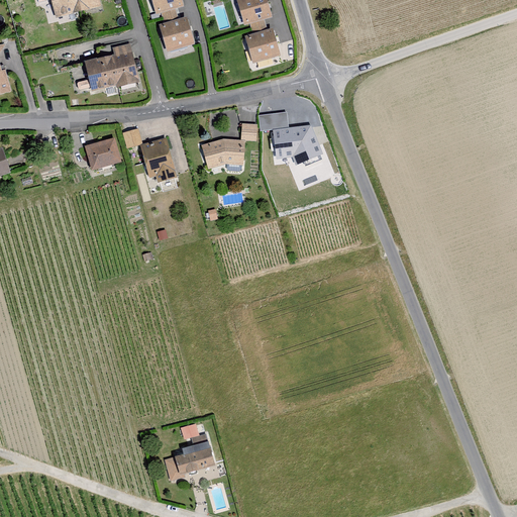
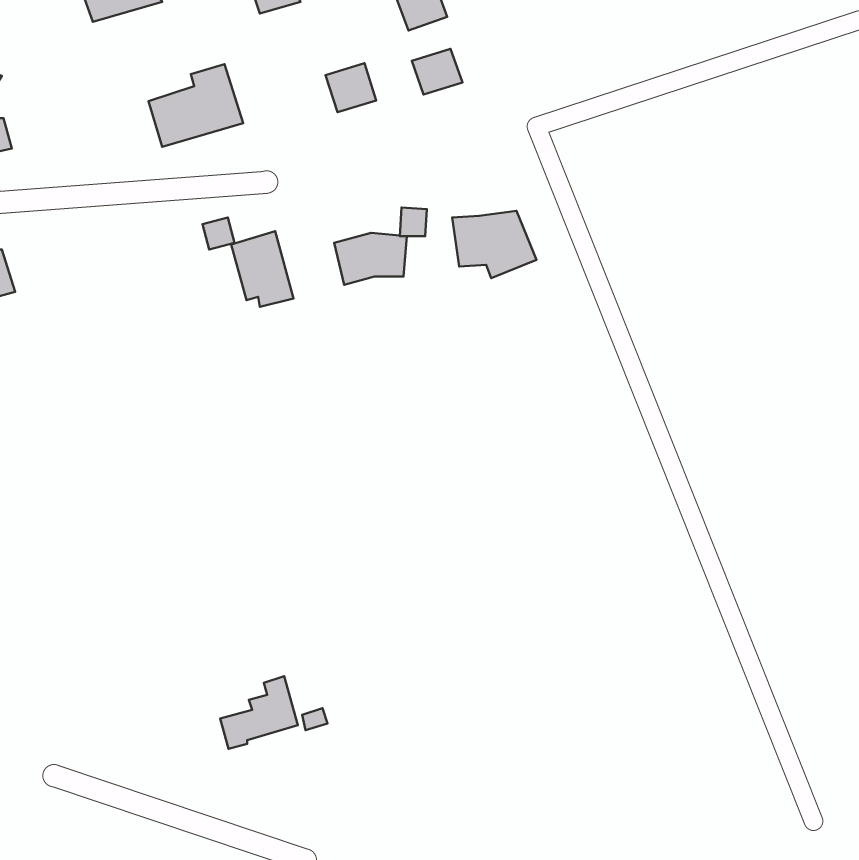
building: [161,17,191,46] -> [326,63,376,112]
building: [256,113,287,132] -> none
building: [83,138,120,173] -> none
building: [165,434,211,478] -> [220,676,298,749]

